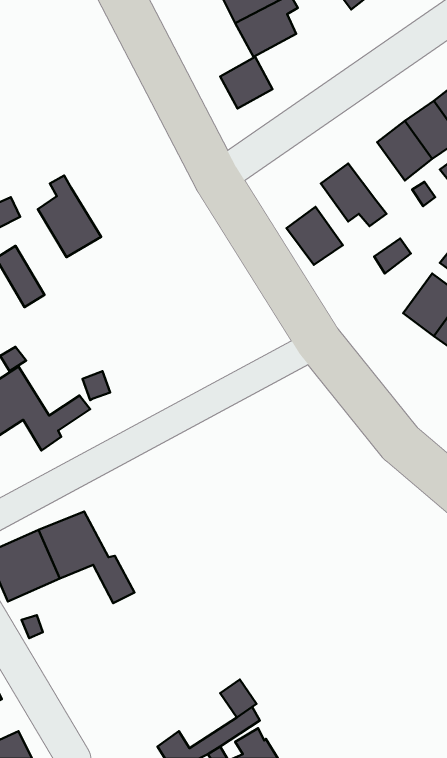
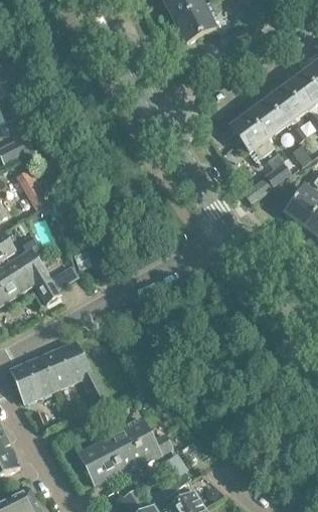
building: [220,57,273,109] -> none
building: [38,175,101,257] -> none
building: [286,207,343,265] -> [249,100,286,138]
building: none -> [78,417,171,484]

